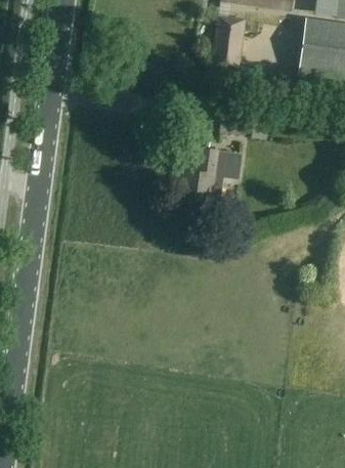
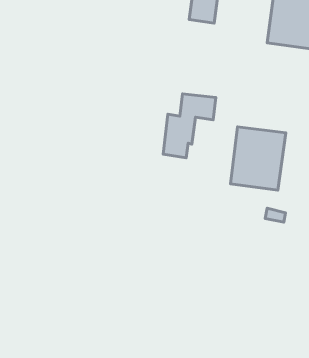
building: none -> [231,127,286,190]

